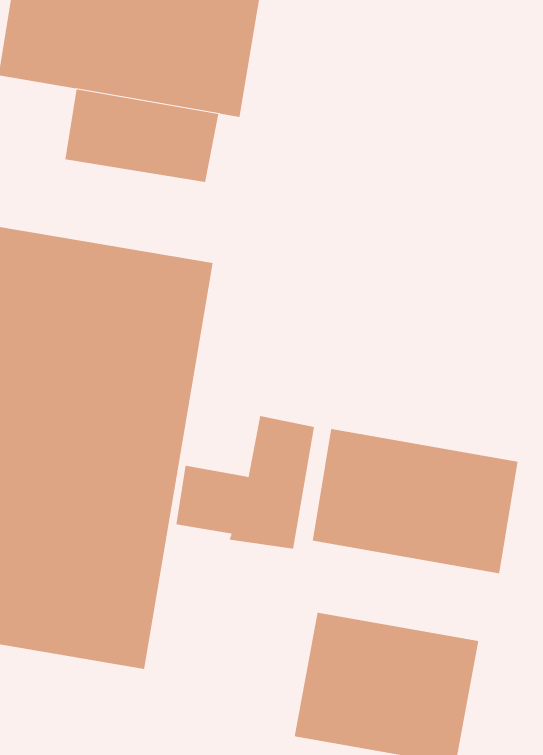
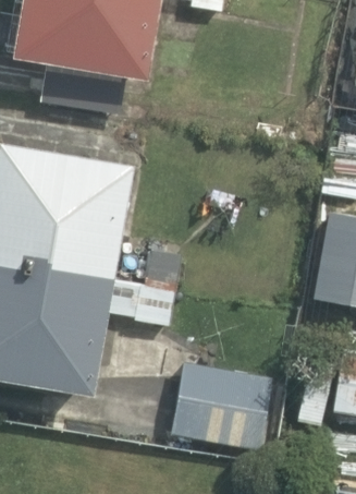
building: [312,428,518,574] -> none

